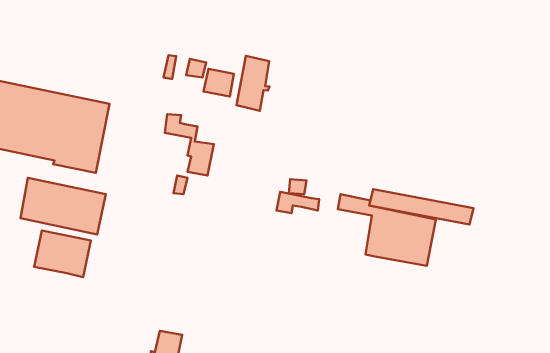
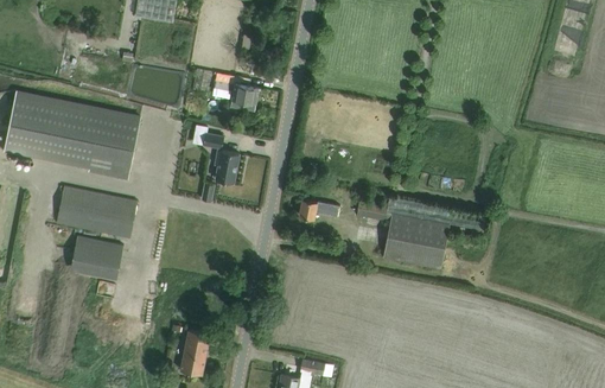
building: [237,56,269,111] -> none

